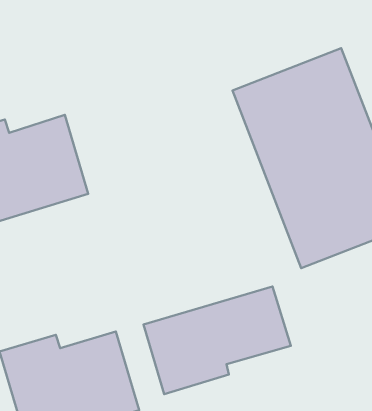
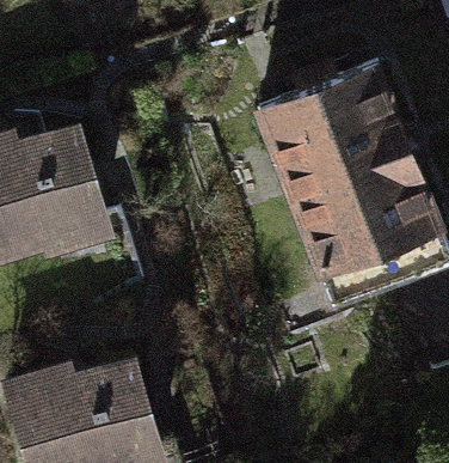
building: [143,287,291,394] -> none

